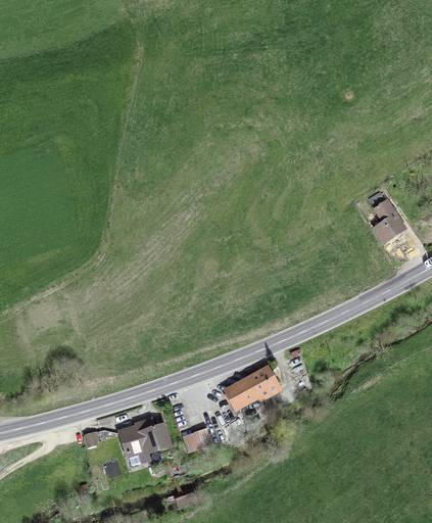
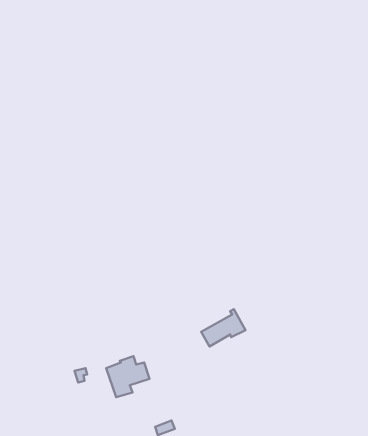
building: [369,192,403,242] -> none
building: [183,428,212,453] -> none

